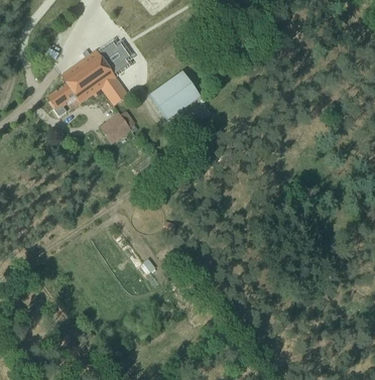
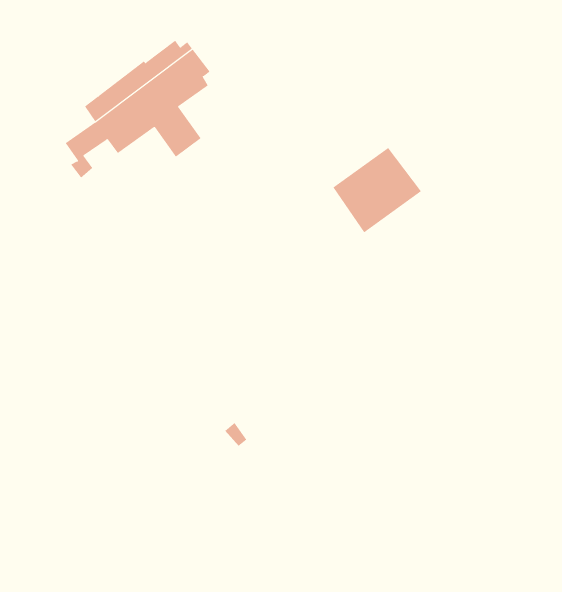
building: [149,72,201,121] -> [332,147,422,233]
building: [98,114,130,145] -> none

